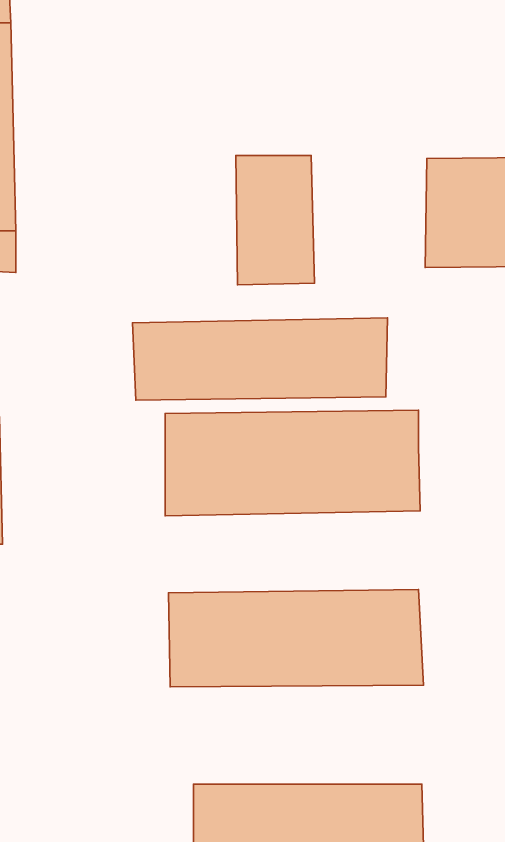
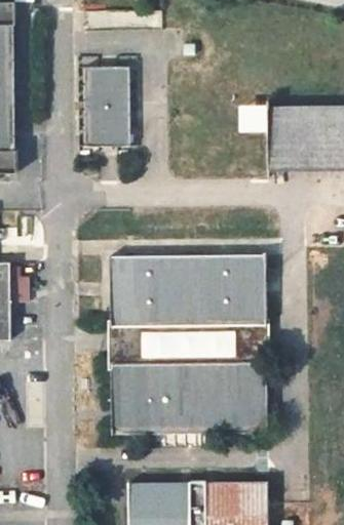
building: [236,156,315,285] -> [83,68,131,147]
building: [133,318,388,400] -> [109,319,265,369]

